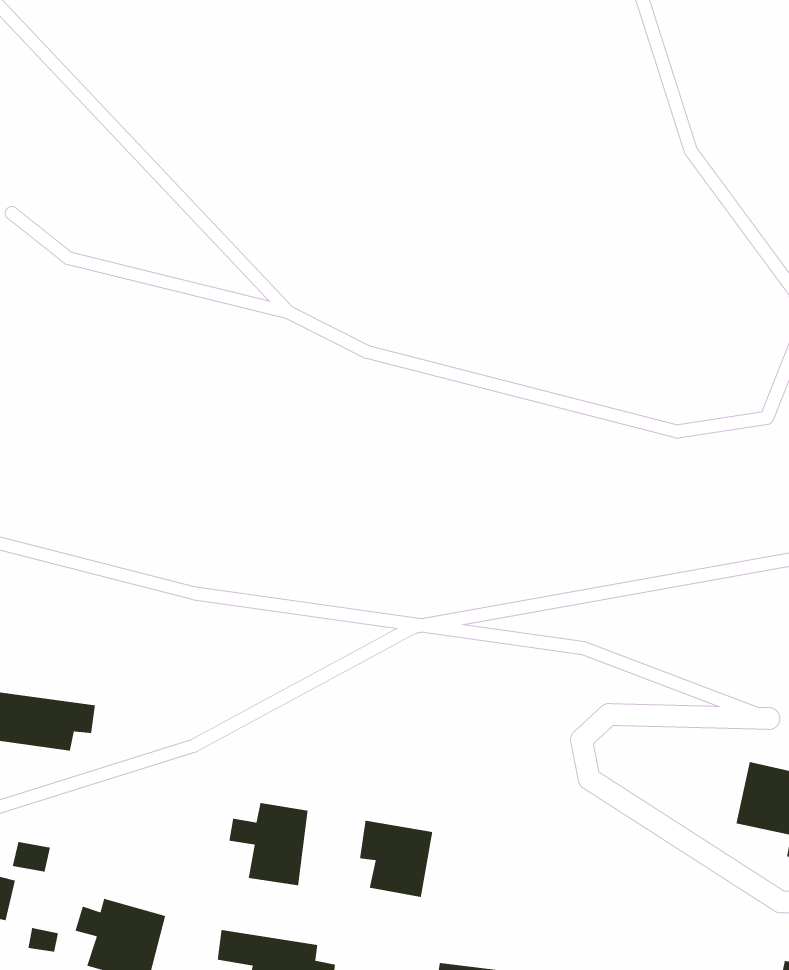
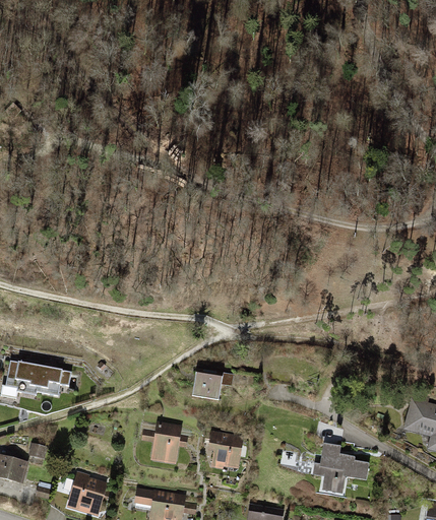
building: none -> [192,370,225,402]
building: none -> [318,445,369,494]

